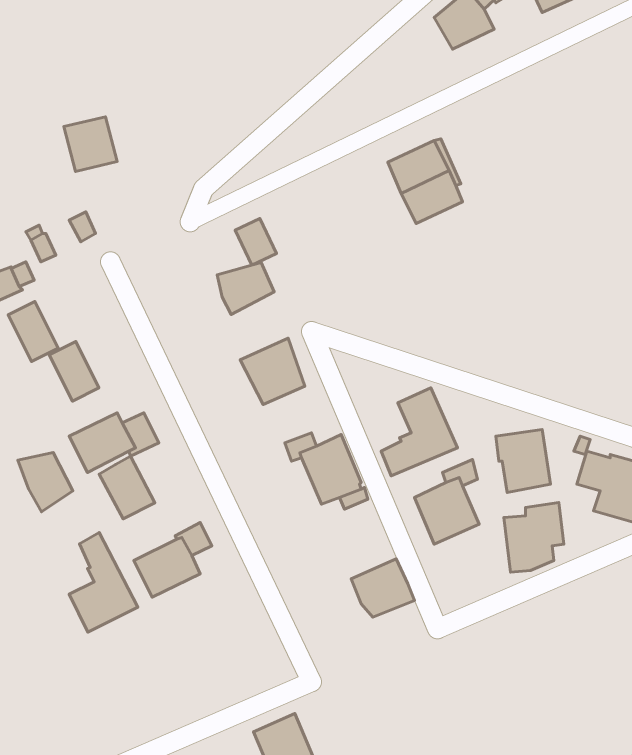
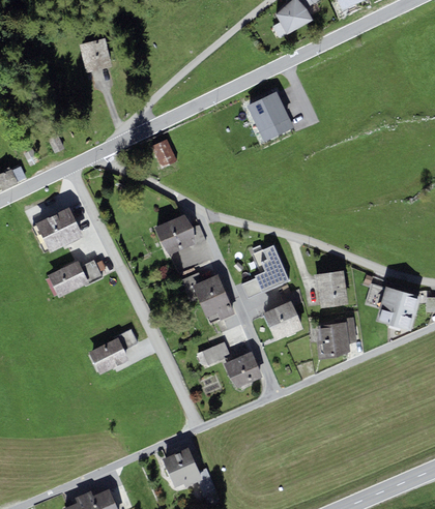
building: [64,117,117,171] -> [78,38,111,72]
building: [217,262,274,314] -> none
building: [8,302,58,361] -> [51,207,82,244]
building: [18,452,73,512] -> none
building: [99,456,155,519] -> none
building: [69,532,138,632] -> none
building: none -> [195,341,230,367]

